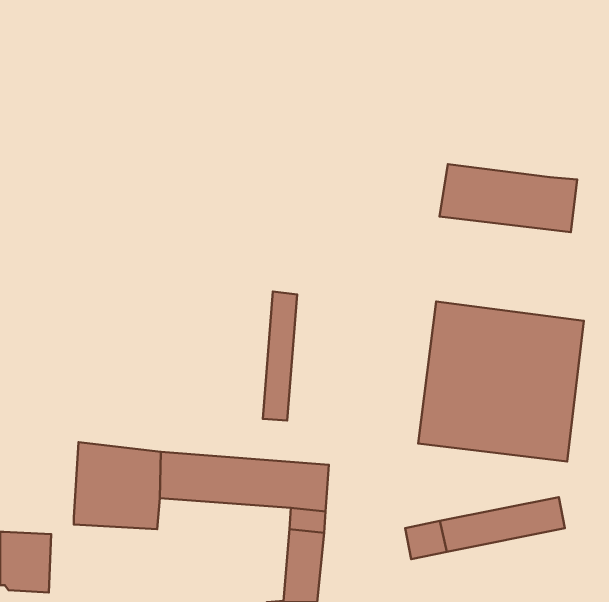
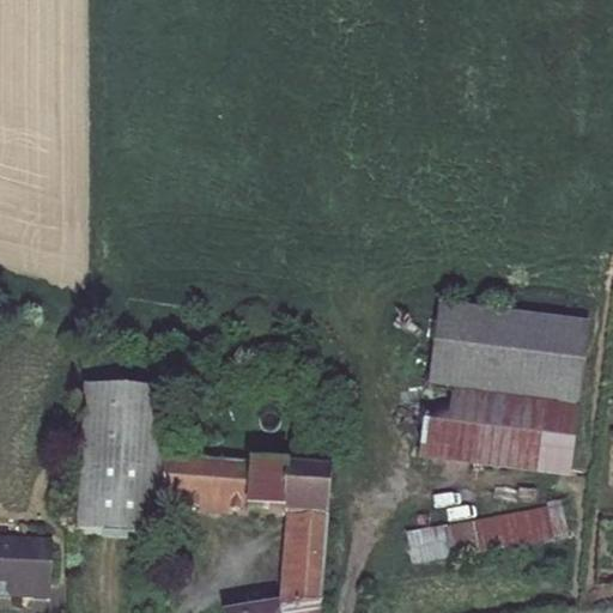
building: [440,164,577,232] -> none
building: [263,291,297,420] -> none
building: none -> [79,383,166,454]

